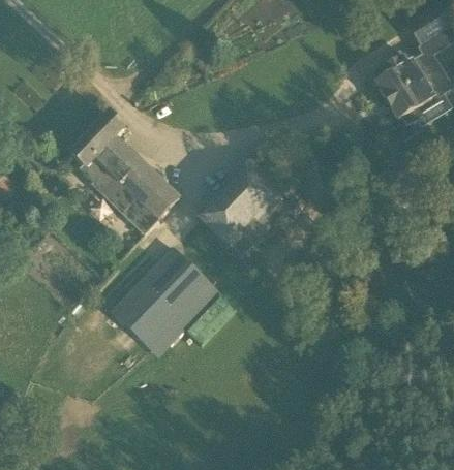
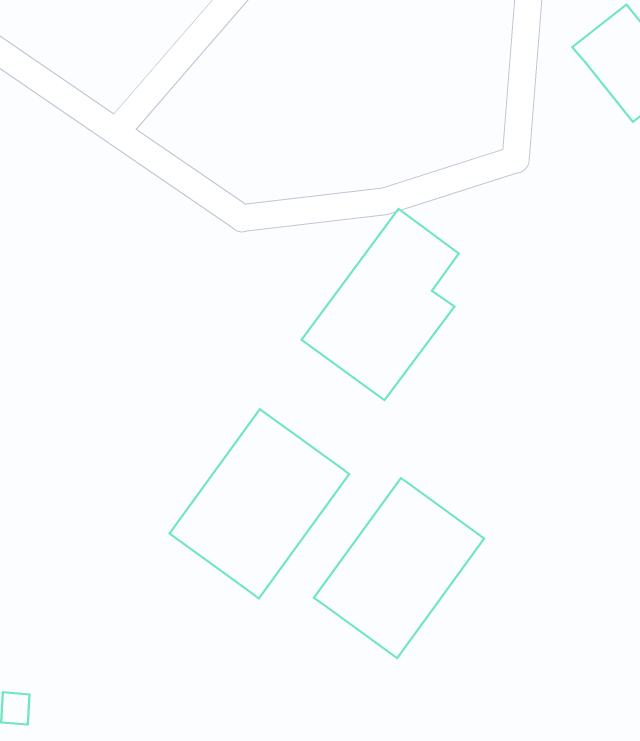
building: [72,114,179,232] -> none
building: none -> [314,478,484,658]

